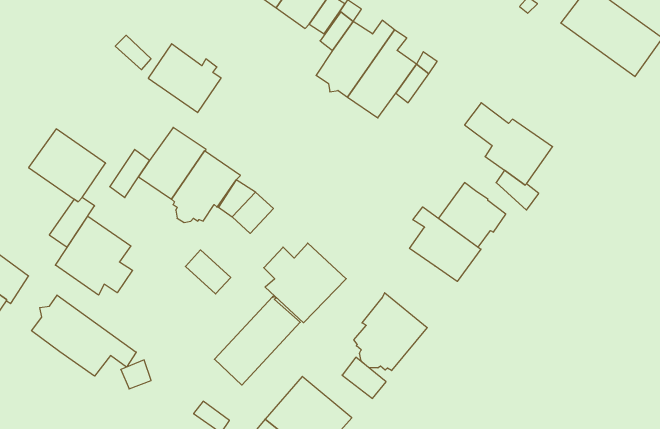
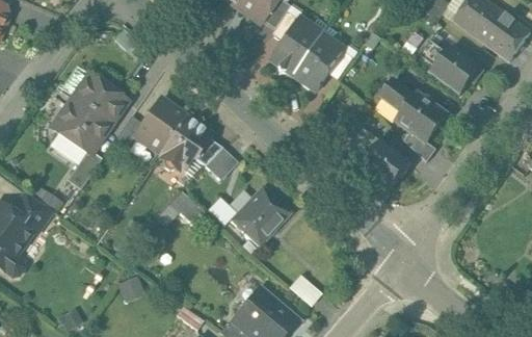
building: [148,44,221,113] -> [72,74,127,126]
building: none -> [421,42,483,95]
building: [410,207,481,281] -> none
building: [55,216,133,295] -> none
building: [354,293,427,371] -> none
building: [32,295,136,376] -> none
building: [214,296,300,385] -> none

